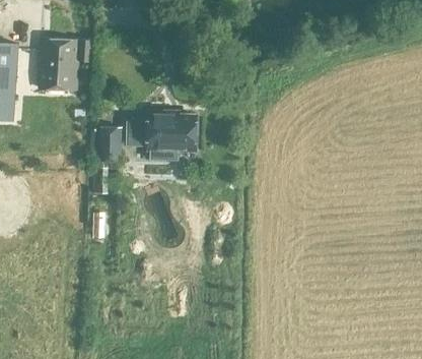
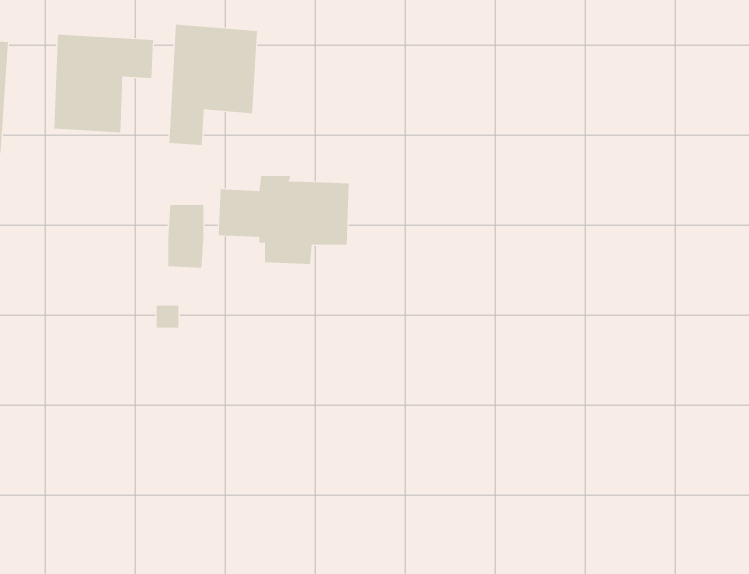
building: none -> [169,24,257,146]

